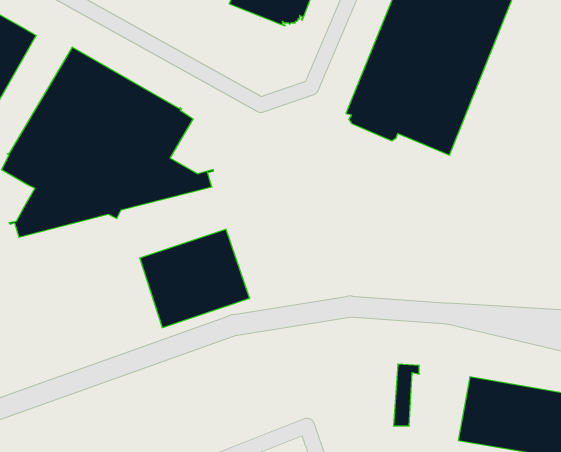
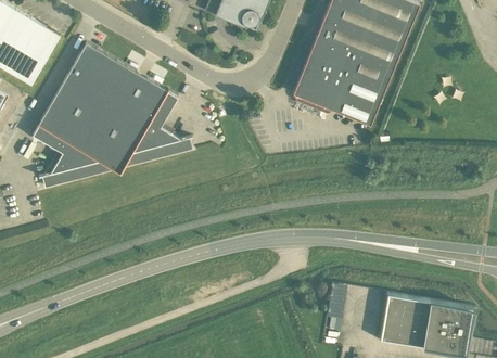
building: [140,229,250,328] -> none

